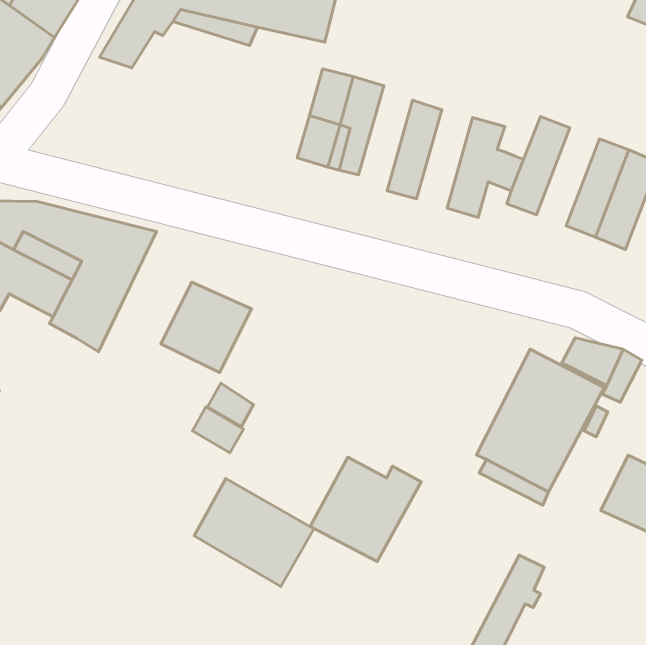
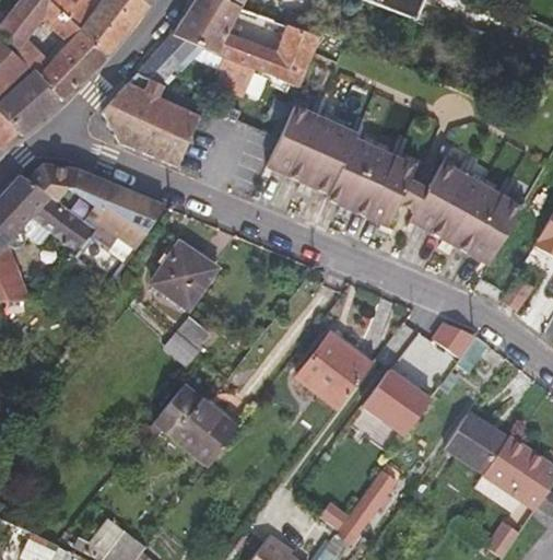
building: none -> [105,73,198,166]
building: none -> [308,124,356,198]
building: none -> [346,147,395,217]
building: none -> [430,173,482,242]
building: [310,457,421,561] -> [295,331,378,408]

